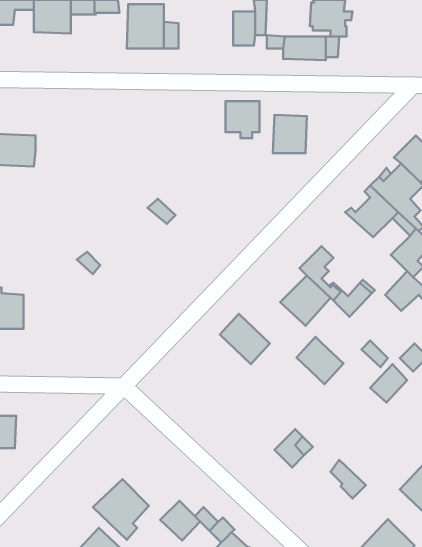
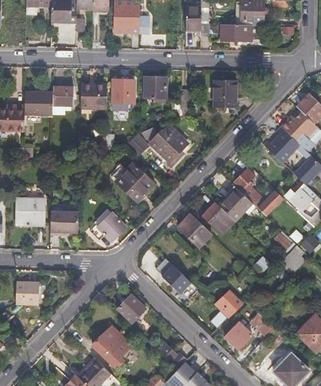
building: [226,101,260,138] -> [143,77,166,102]
building: none -> [112,79,134,110]
building: none -> [52,83,74,103]
building: none -> [81,84,107,107]
building: none -> [152,125,185,166]
building: none -> [116,164,154,201]
building: none -> [50,211,79,235]
building: none -> [90,211,125,240]
building: [296,337,344,384] -> [201,201,233,233]
building: none -> [155,258,190,293]
building: none -> [224,321,251,348]
building: [160,501,200,541] -> [118,294,145,321]

